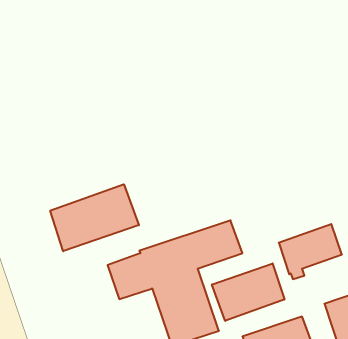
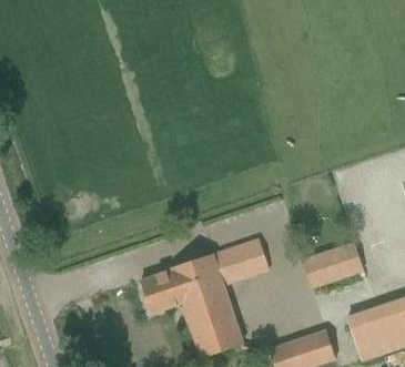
building: [50,184,139,251] -> none
building: [212,263,284,321] -> none

